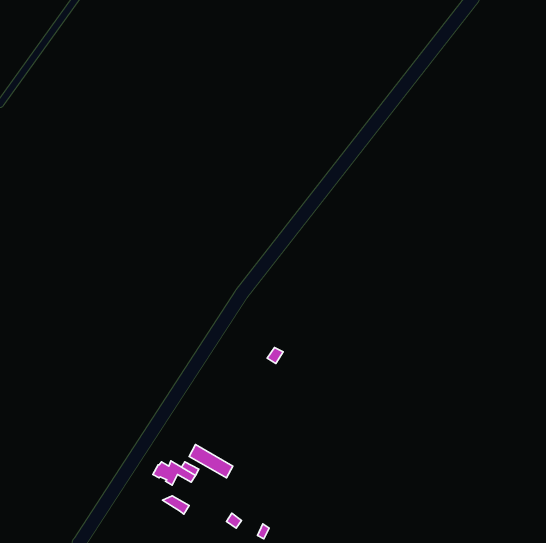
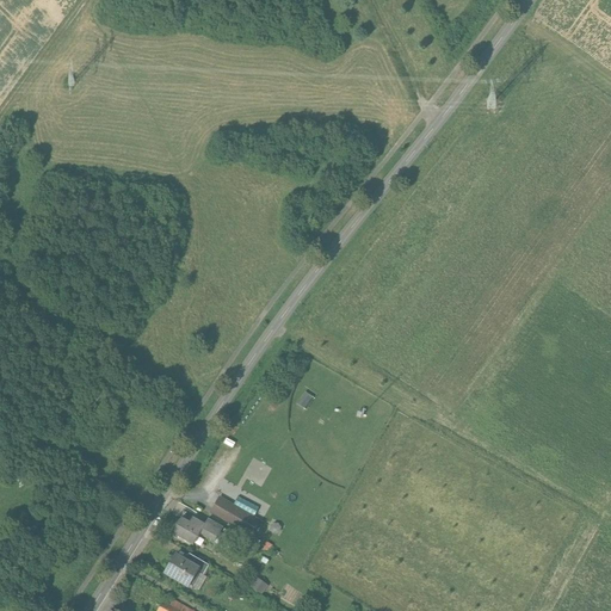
building: none -> [166,556,200,588]

